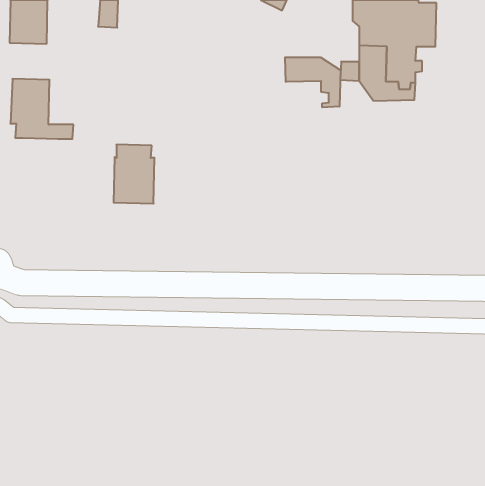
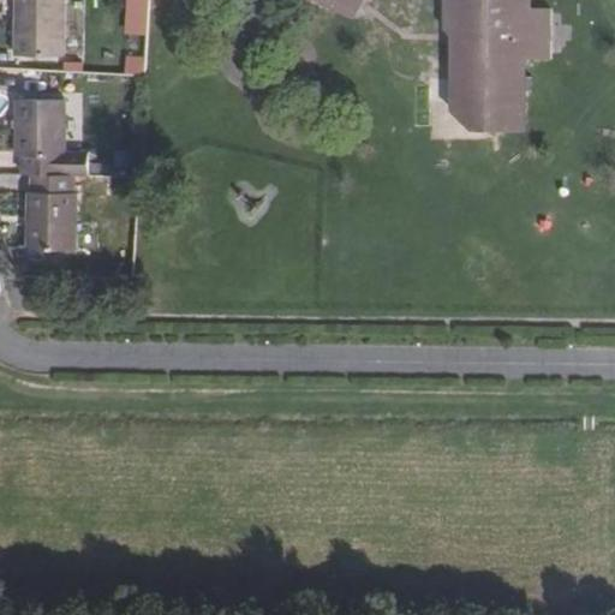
building: [285,57,340,107] -> none
building: [114,145,155,204] -> [25,174,77,249]

